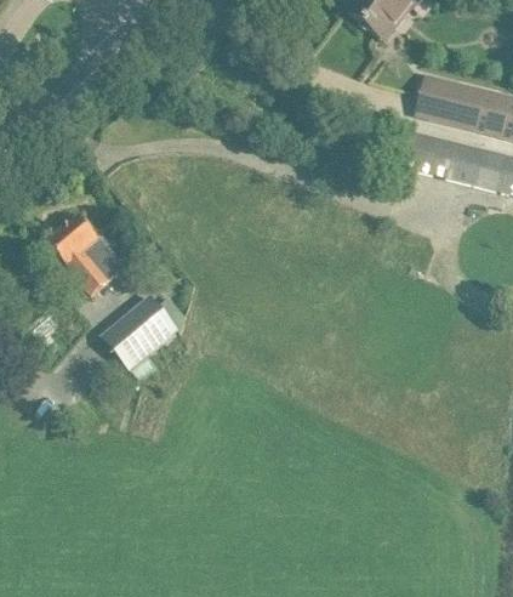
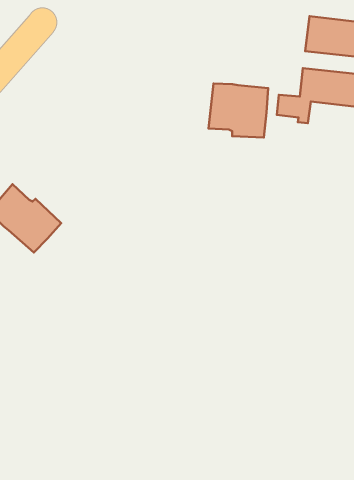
building: none -> [208,83,268,137]
building: [99,295,184,380] -> none

